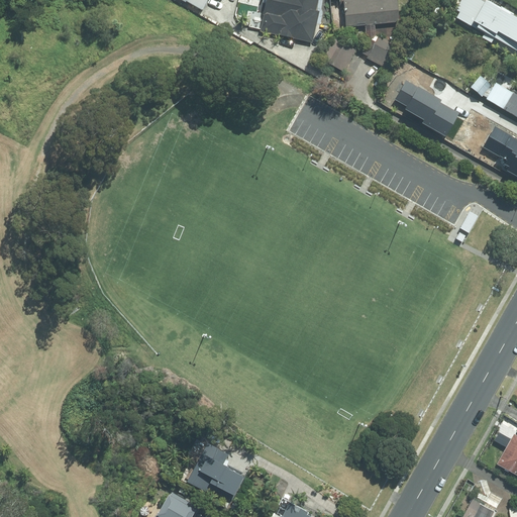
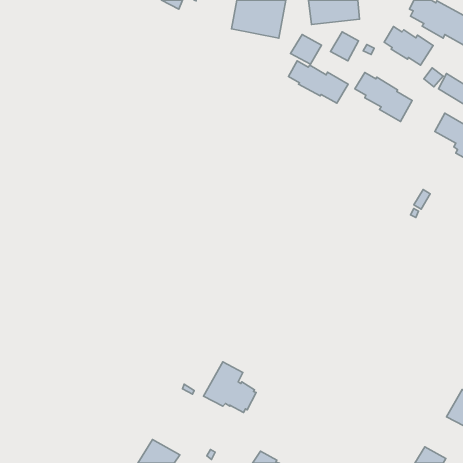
building: none -> [384,26,433,65]
building: none -> [289,61,348,103]
building: [187,443,245,500] -> [204,362,256,413]

